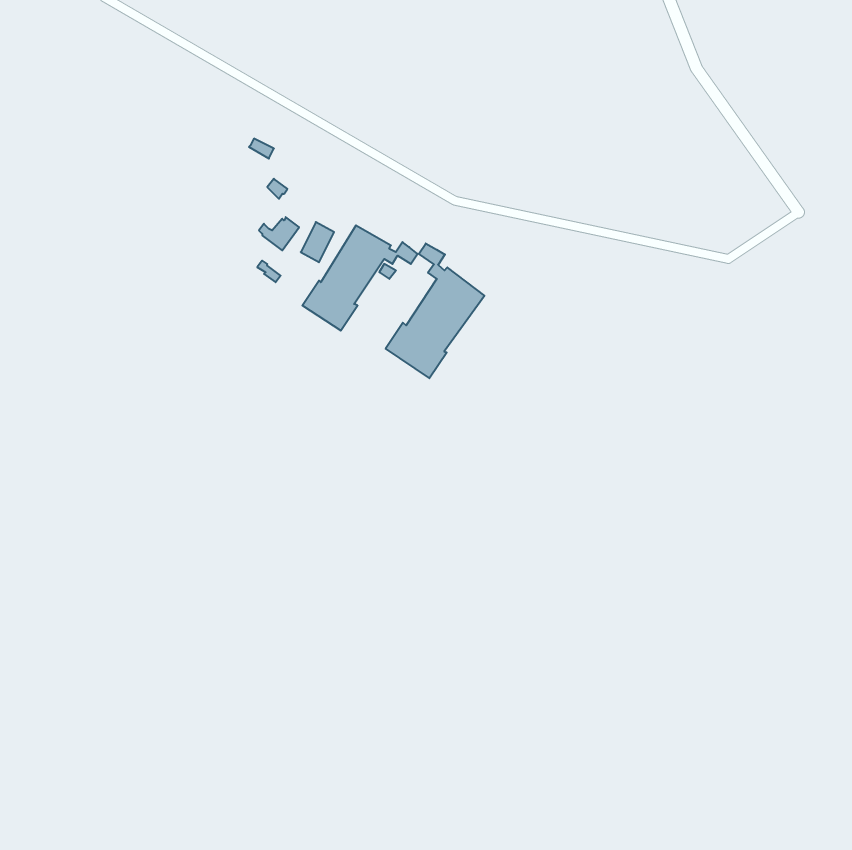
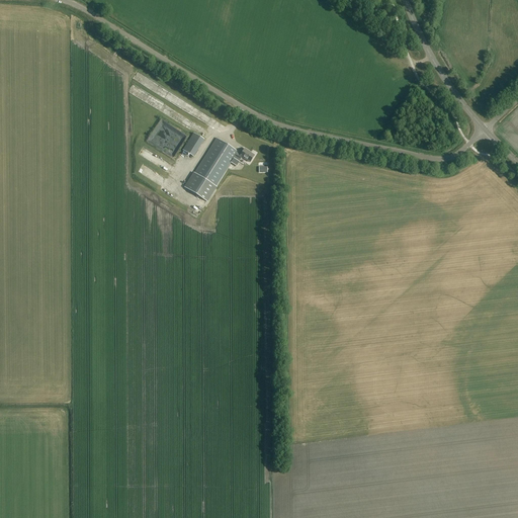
building: [386,243,484,378] -> none

